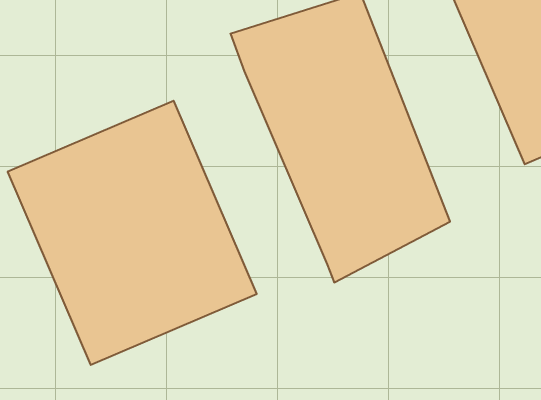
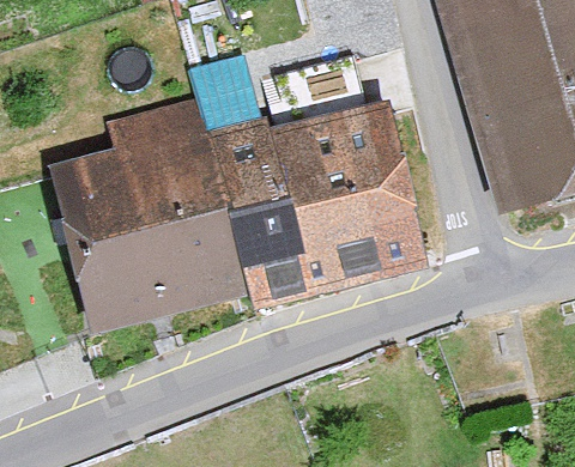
building: none -> [200,97,314,295]

